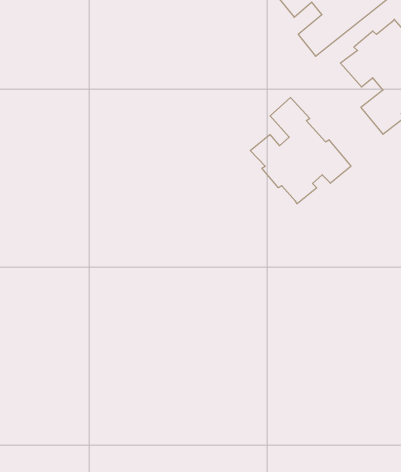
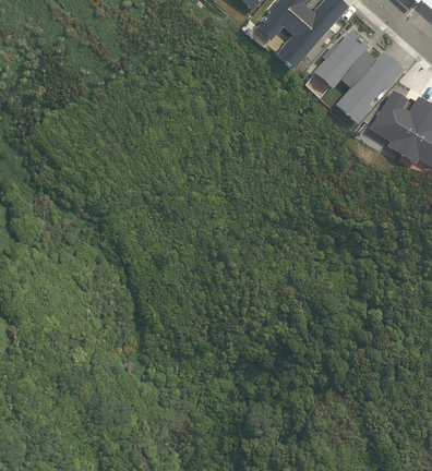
building: [250,98,351,204] -> none

